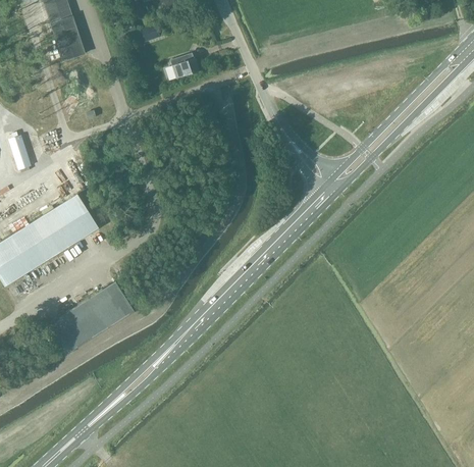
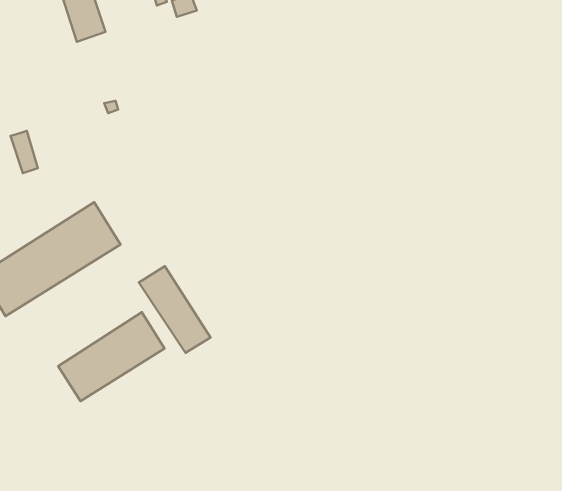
building: [171,54,201,80] -> none
building: none -> [139,266,211,353]

